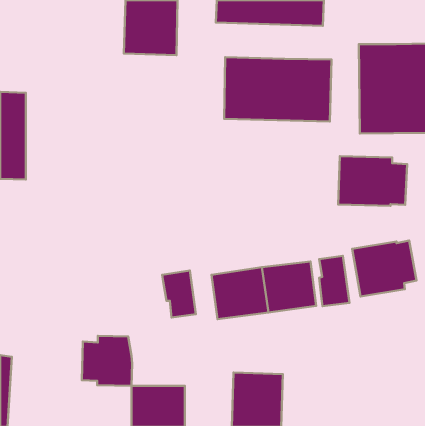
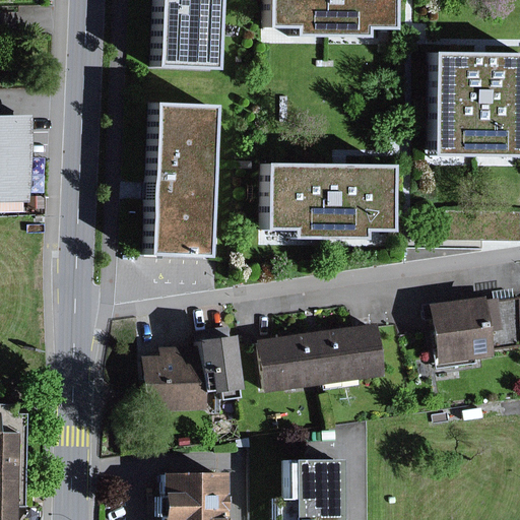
building: [224,57,331,121] -> [266,166,396,244]
building: none -> [144,102,213,258]
building: [338,156,407,206] -> none
building: [319,256,350,306] -> none
building: [82,336,132,386] -> [145,342,206,403]

